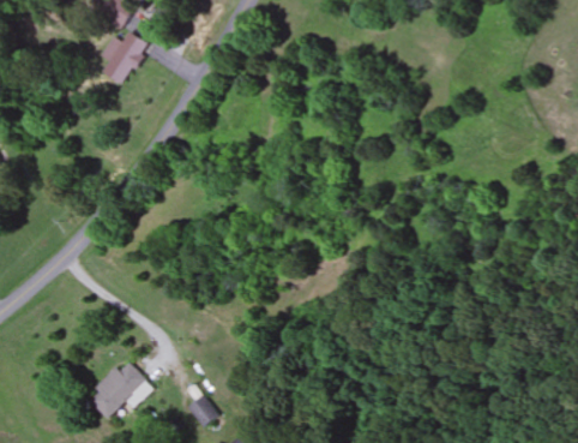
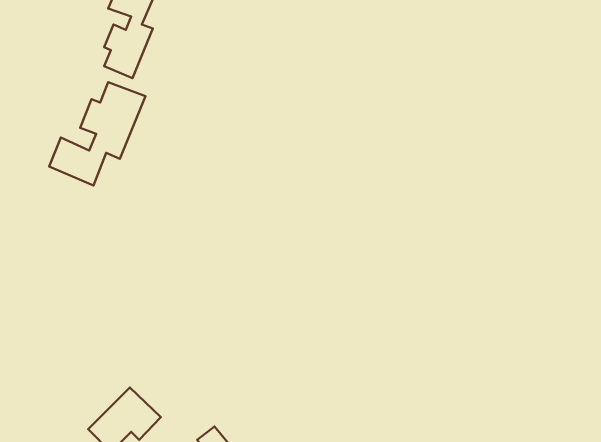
building: none -> [49,82,145,185]

